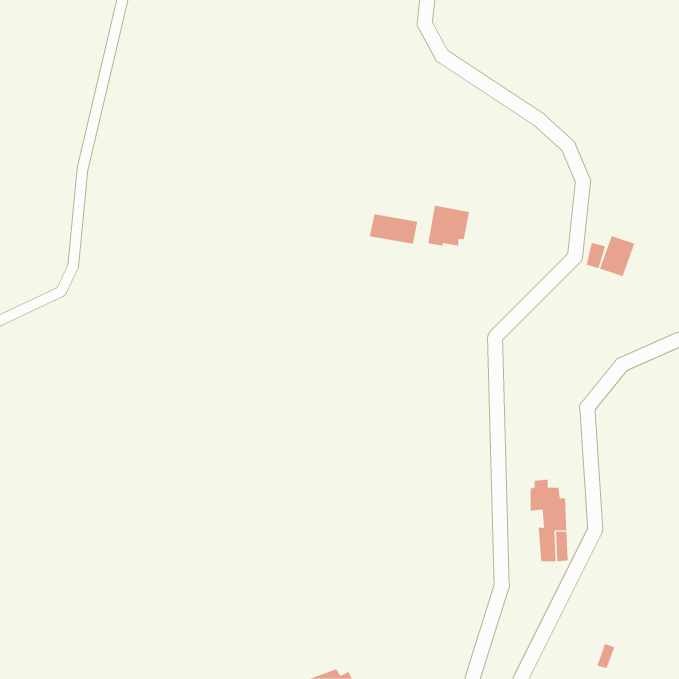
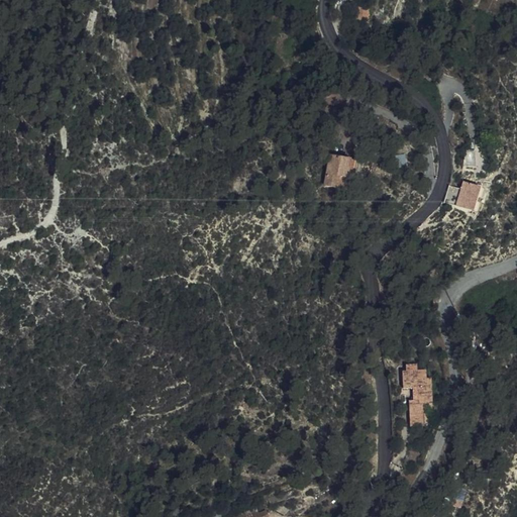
building: [369,213,418,244] -> none

